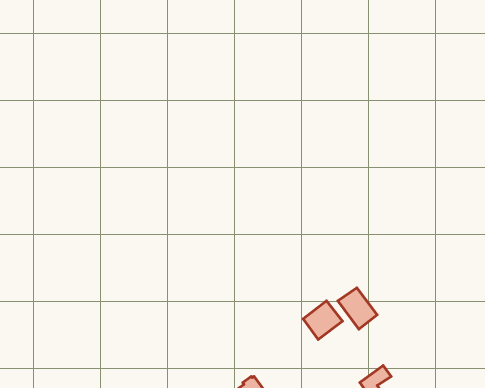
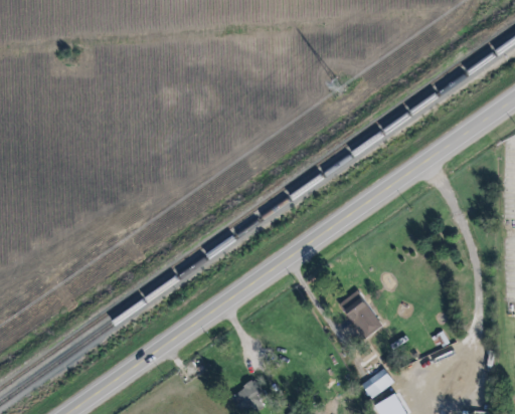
building: [303,301,343,339] -> none

